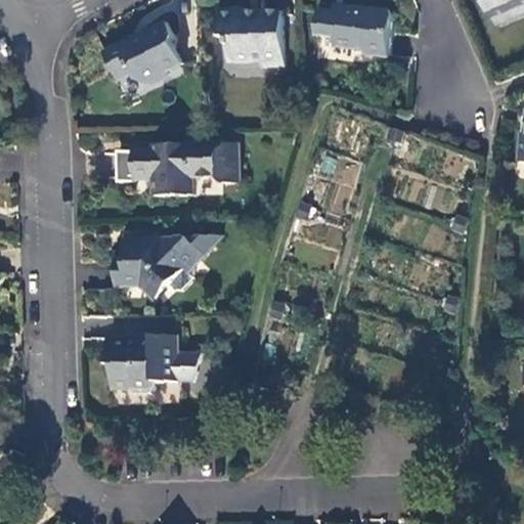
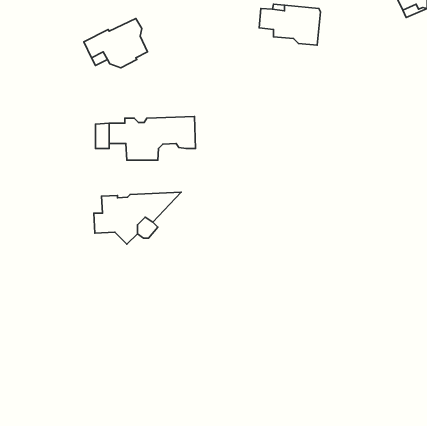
building: [219,8,285,66] -> none
building: [106,335,202,394] -> none

